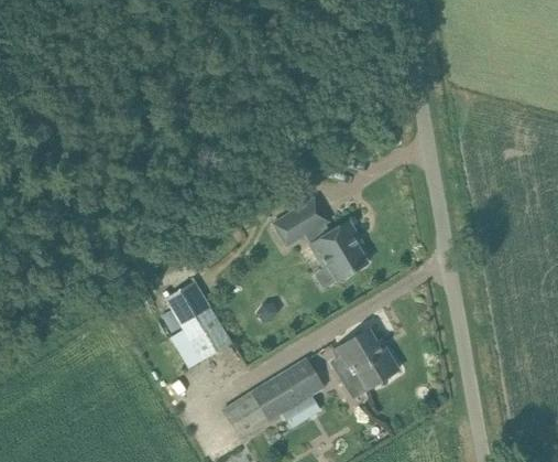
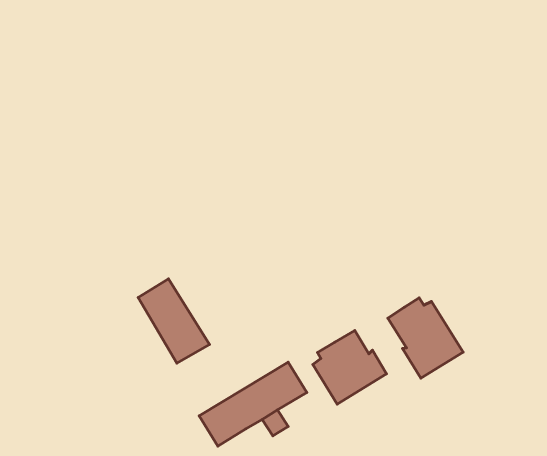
building: [273,198,368,281] -> none
building: none -> [388,298,463,378]

